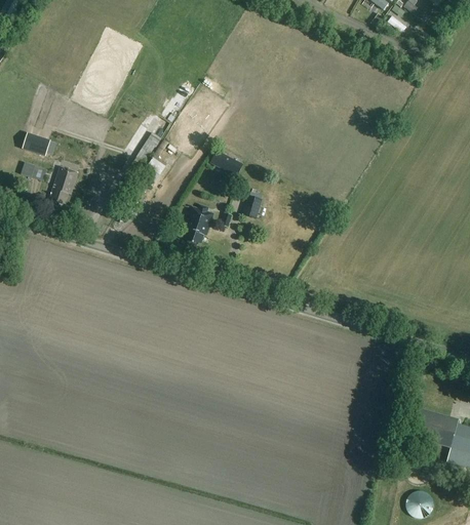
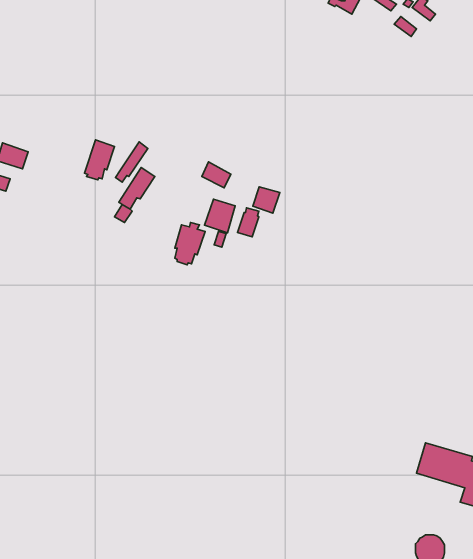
building: [50,165,78,202] -> [84,140,115,180]
building: none -> [253,187,280,213]
building: none -> [204,199,235,233]

